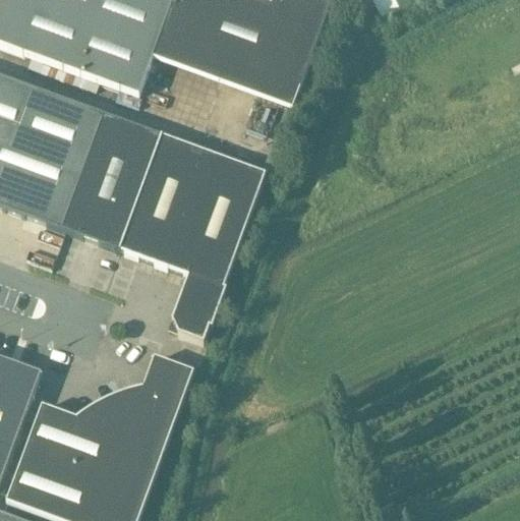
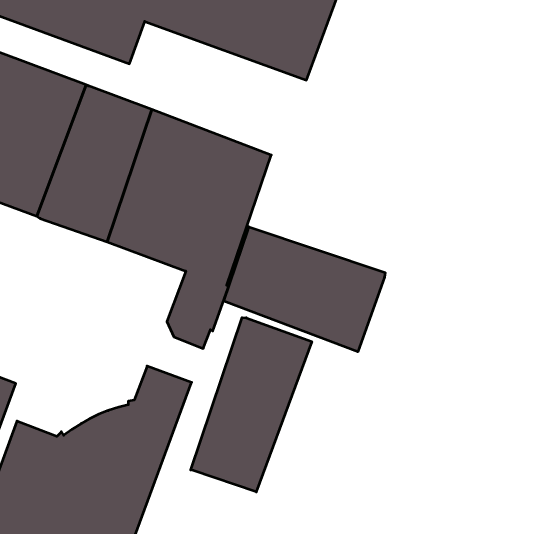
building: none -> [224,227,385,352]
building: none -> [191,318,312,492]

